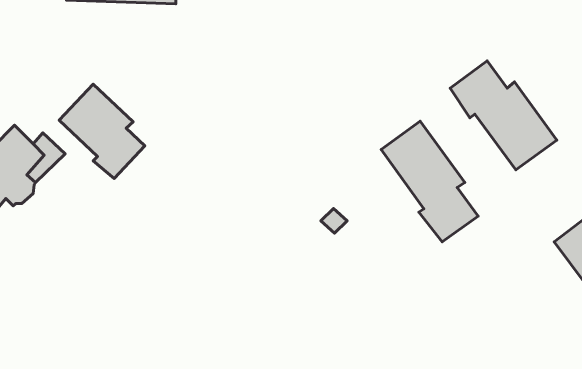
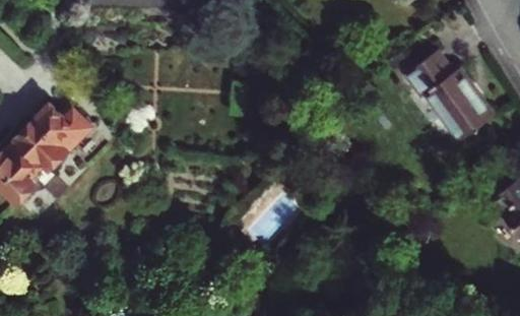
building: [59,84,145,178] -> none
building: [381,121,478,242] -> none

